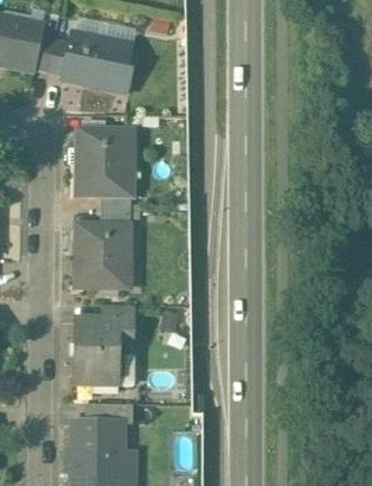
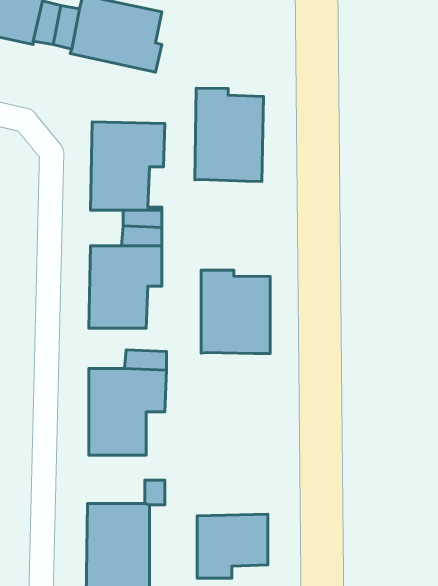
building: none -> [195,88,263,181]
building: none -> [201,270,270,354]
building: none -> [197,514,268,578]

